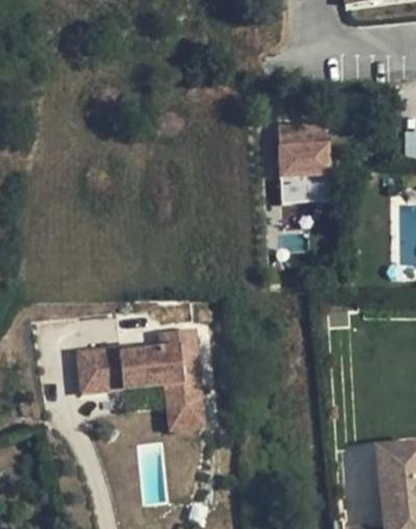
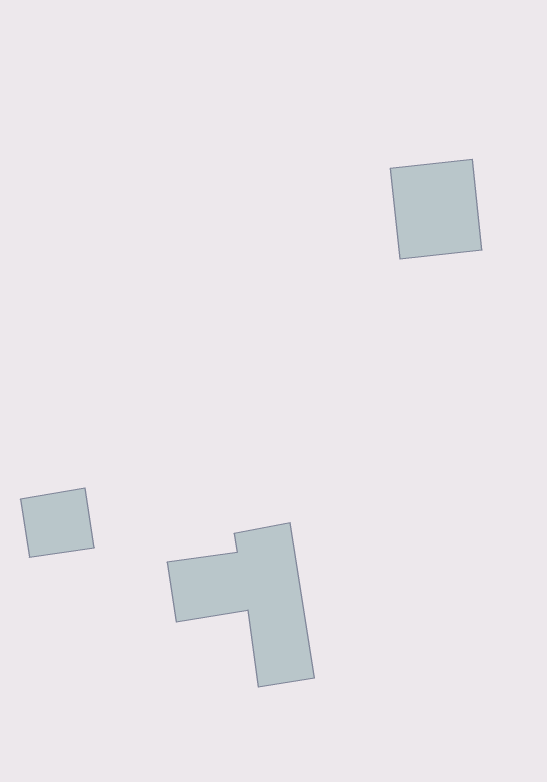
building: [276,177,326,204] -> none
building: [85,351,127,391] -> [20,488,94,557]

